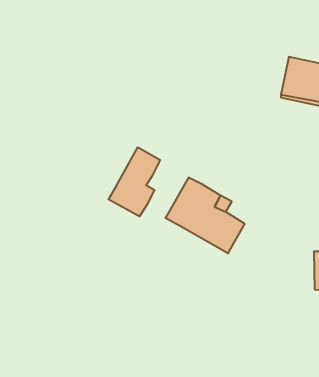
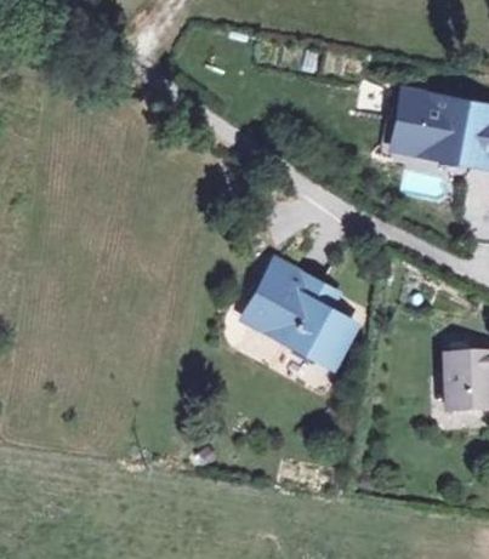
building: [108,147,160,216] -> none

